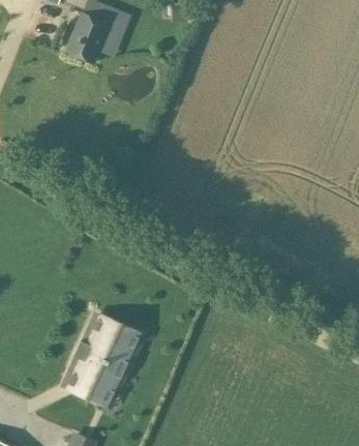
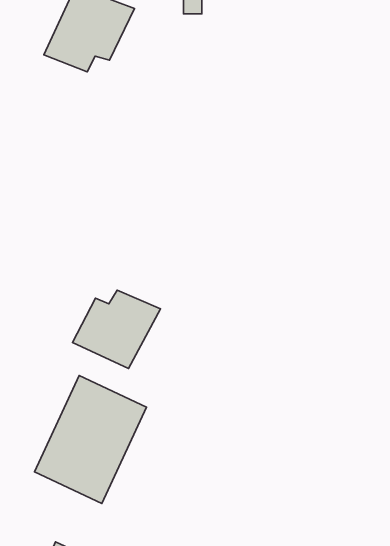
building: none -> [72,290,160,369]

